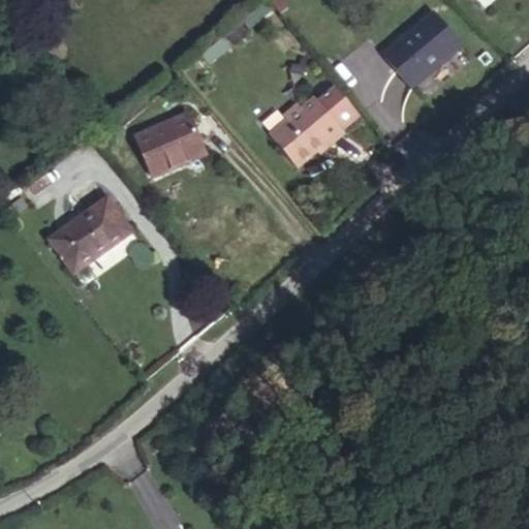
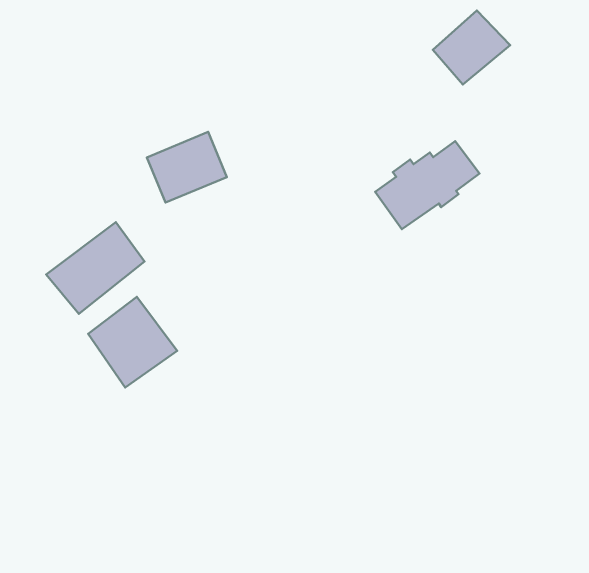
building: [268,92,361,170] -> [375,141,479,229]
building: none -> [88,297,177,388]

